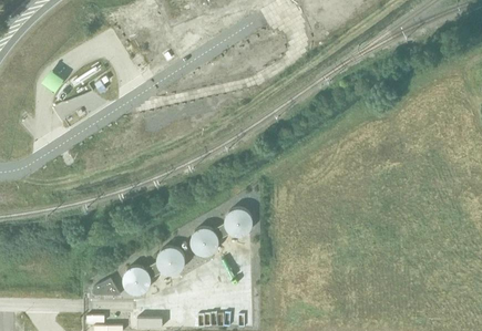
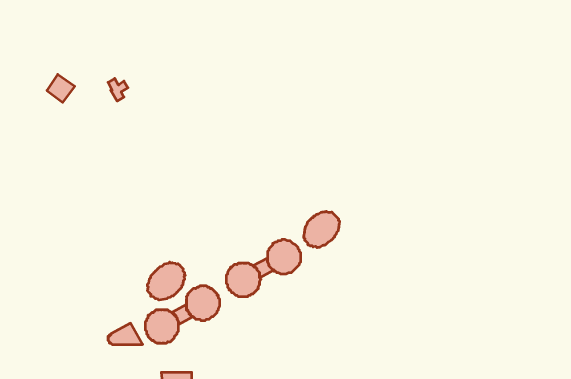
building: none -> [304,211,340,248]
building: none -> [147,262,185,300]

